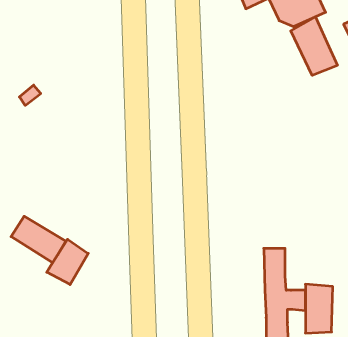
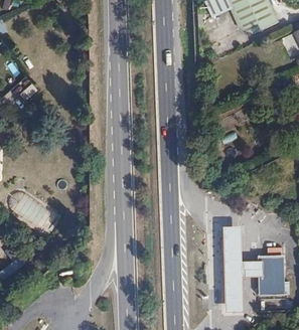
building: [291,17,337,75] -> none
building: [47,239,88,285] -> none

